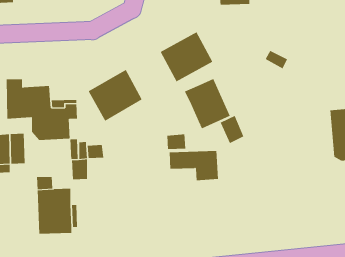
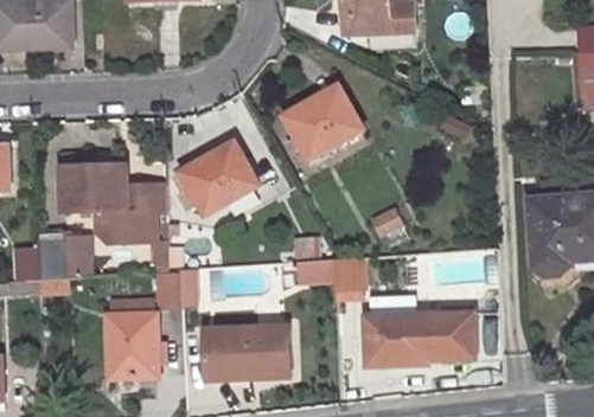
building: [184,78,230,129] -> none
building: none -> [364,312,475,366]
building: none -> [205,325,292,379]

